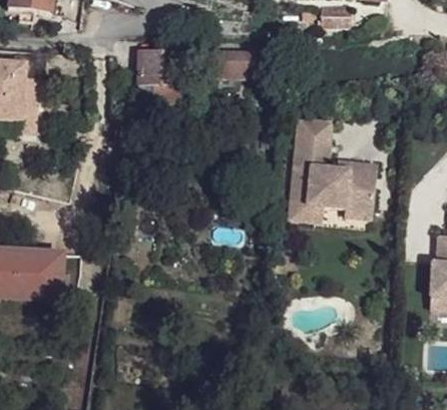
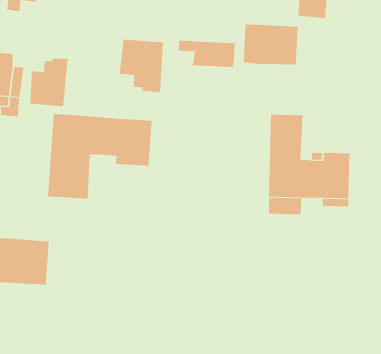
building: none -> [243,24,298,65]
building: none -> [30,58,68,107]
building: none -> [48,113,152,200]

